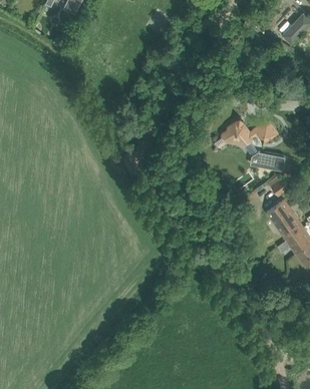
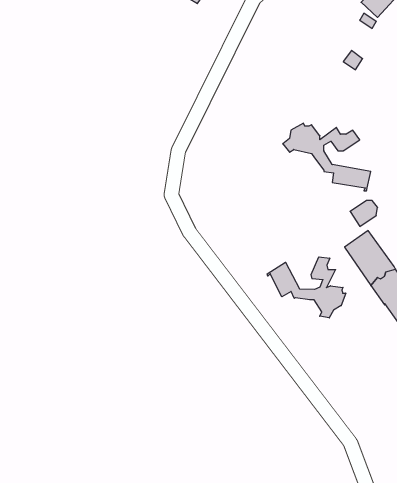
building: none -> [267,257,346,318]

